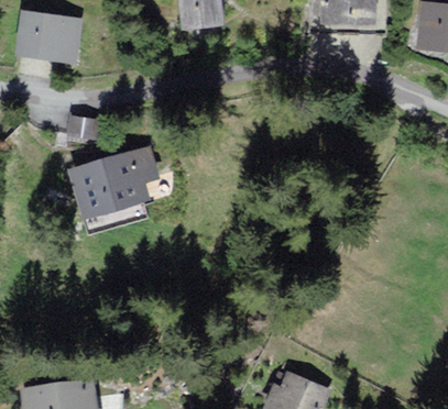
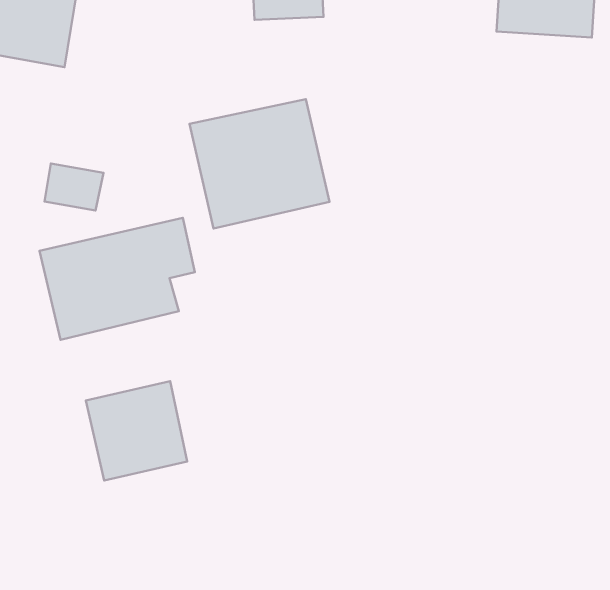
building: none -> [189,99,329,228]
building: none -> [86,381,187,481]

